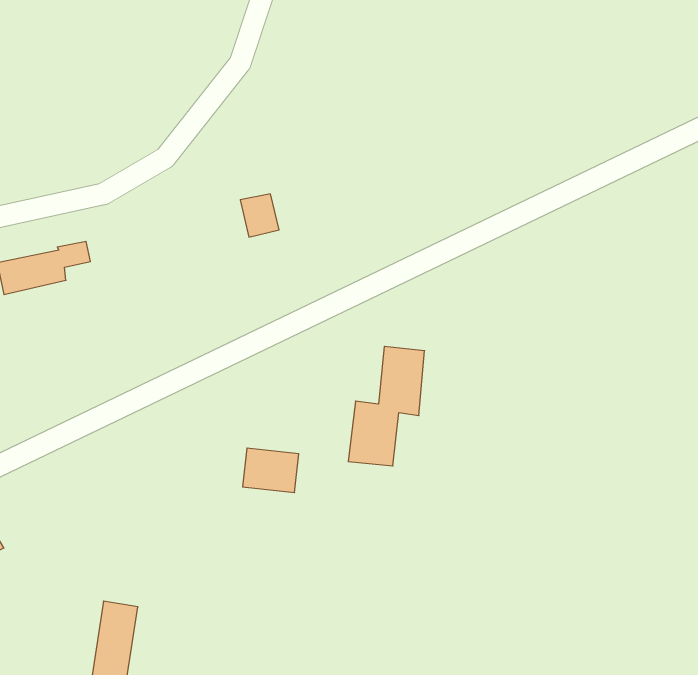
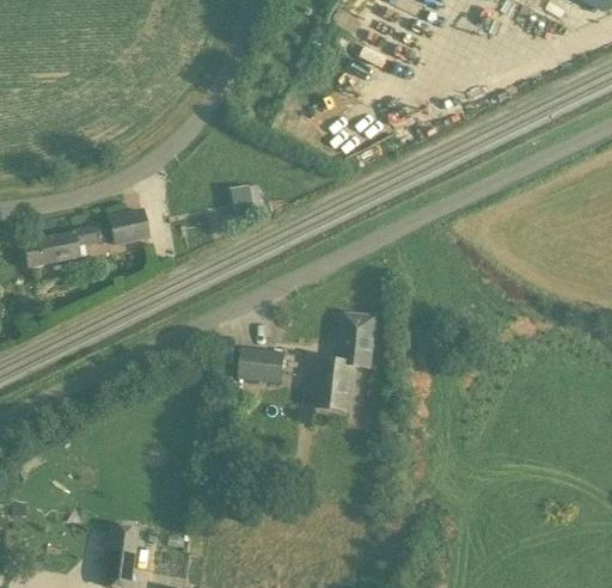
building: none -> [108,207,151,246]
building: [243,448,299,493] -> [239,347,286,384]

